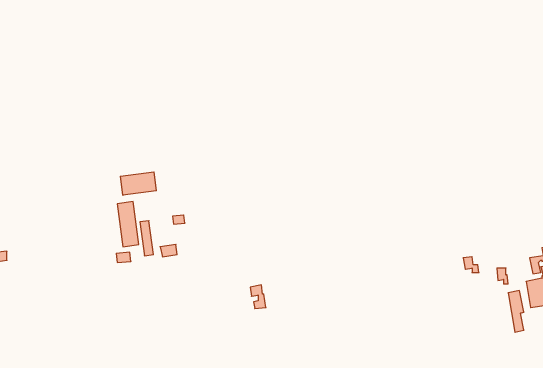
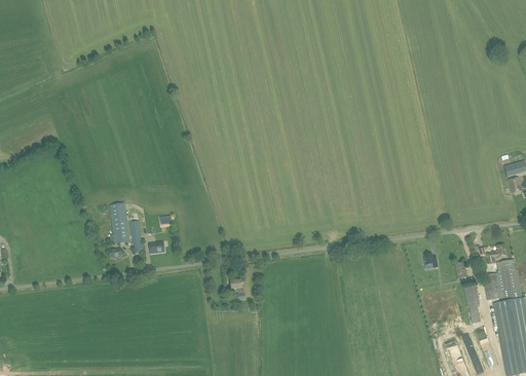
building: [120,172,156,195] -> none

